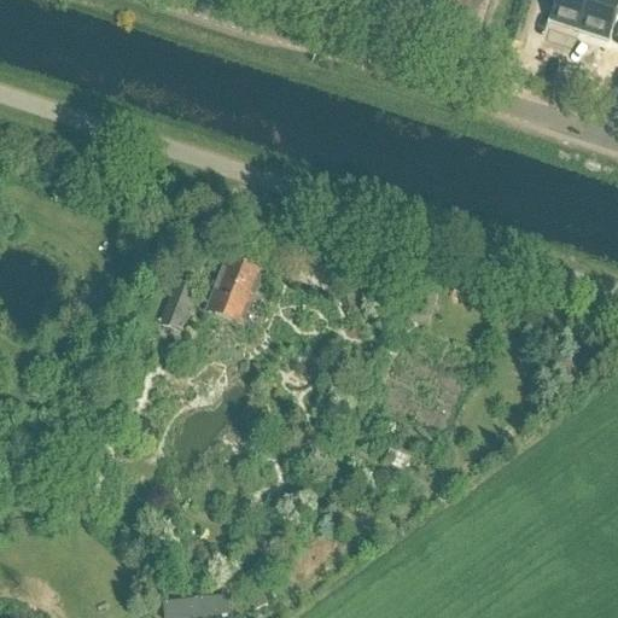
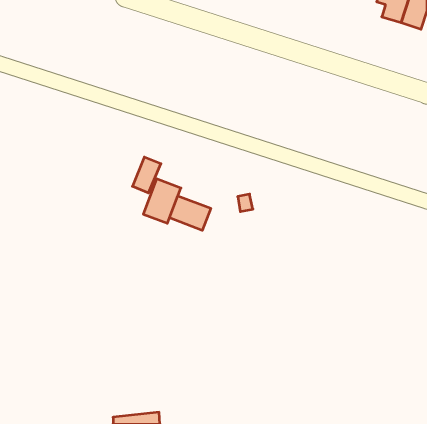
building: [156,280,197,332] -> [132,157,161,193]
building: none -> [169,196,211,230]

